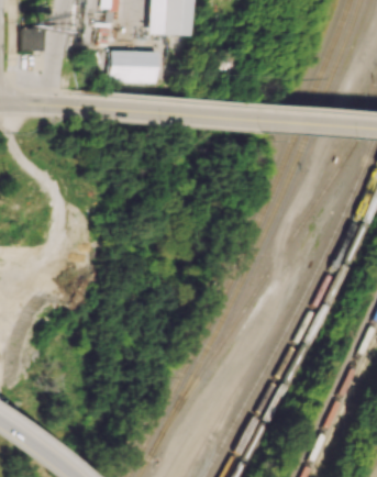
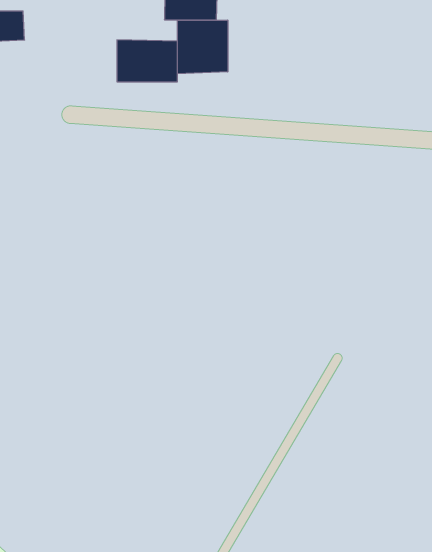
building: none -> [178,20,228,74]

